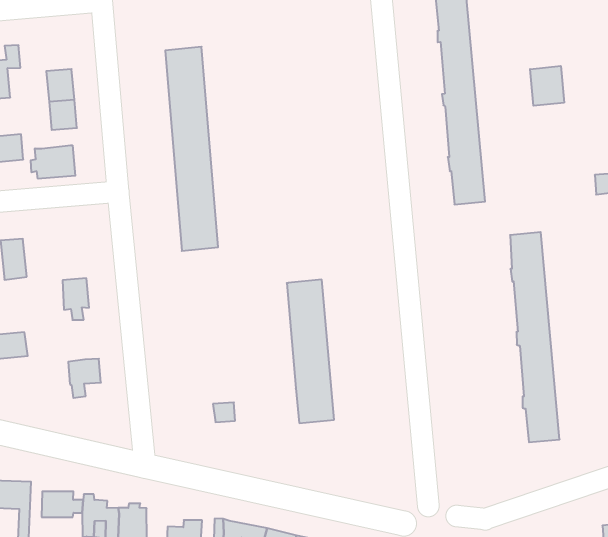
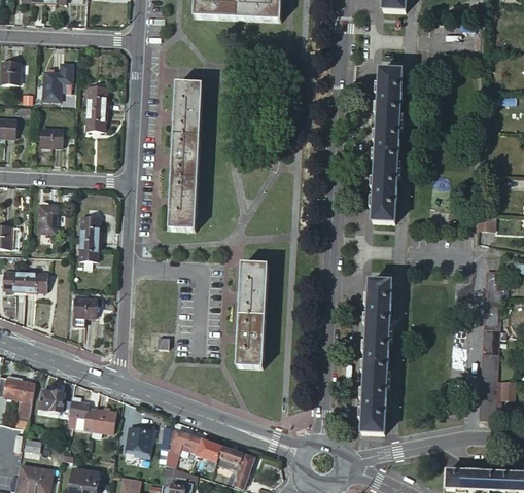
building: [530,66,564,106] -> none
building: [31,145,75,179] -> none
building: [510,232,560,442] -> [359,280,390,433]
building: none -> [78,216,97,239]

